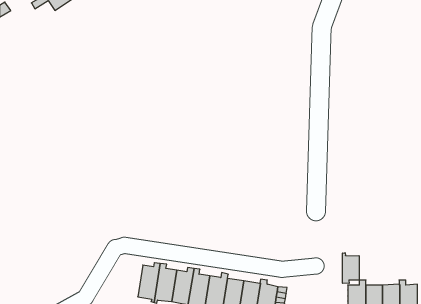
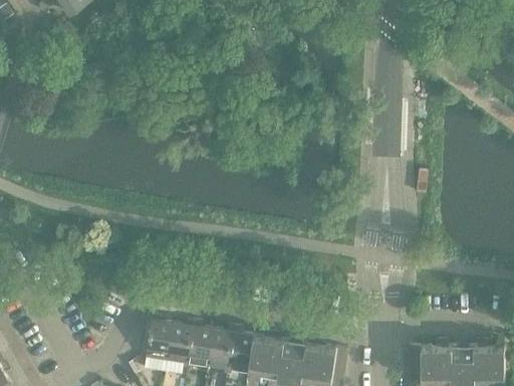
building: [343,253,359,283] -> none
building: none -> [146,313,173,361]

